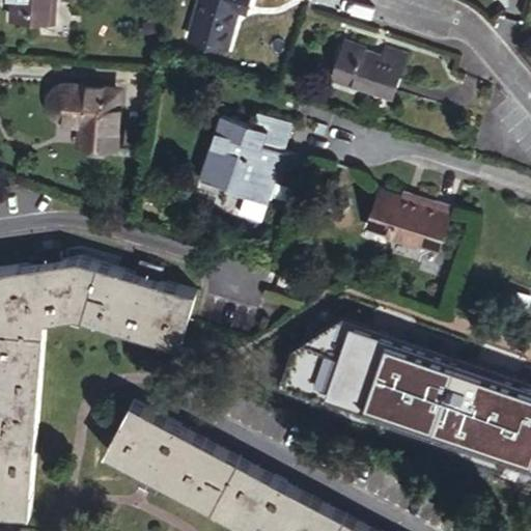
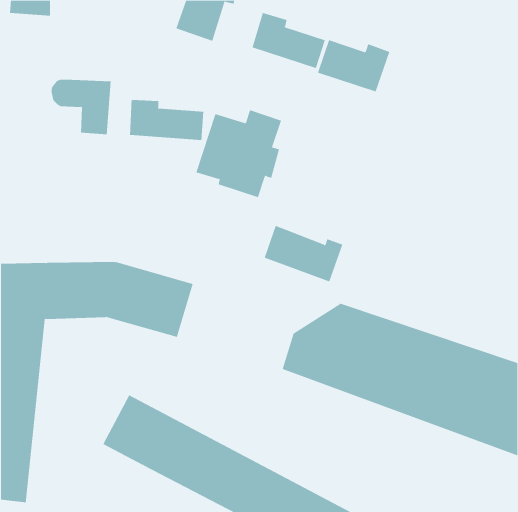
building: none -> [252,12,325,69]
building: none -> [130,99,204,141]
building: [373,201,454,259] -> [264,225,343,282]

